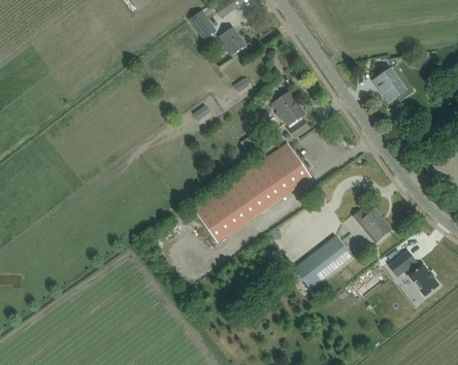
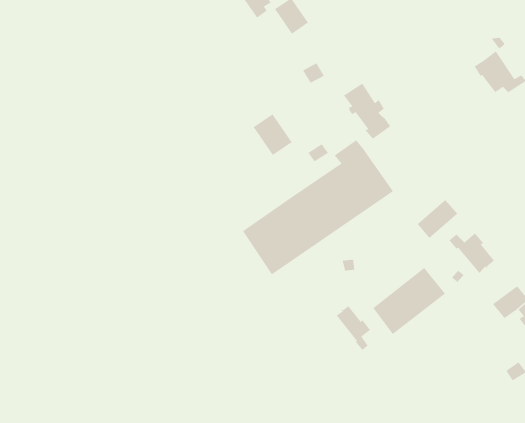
building: none -> [253,114,292,156]
building: none -> [417,199,458,239]
building: none -> [336,305,371,351]

